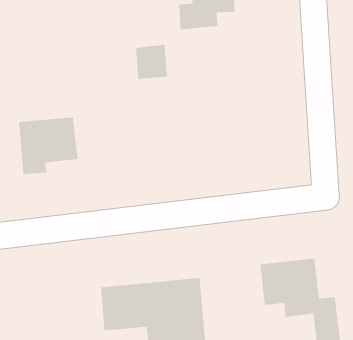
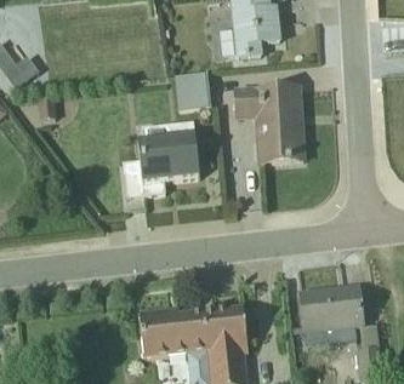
building: none -> [233,86,303,161]
building: [18,117,78,175] -> [137,133,198,191]

